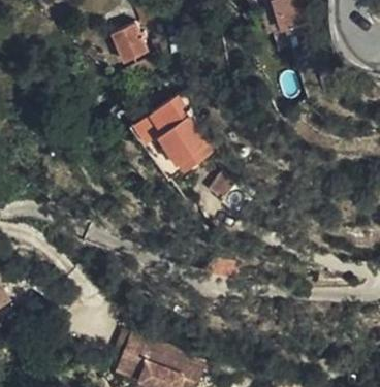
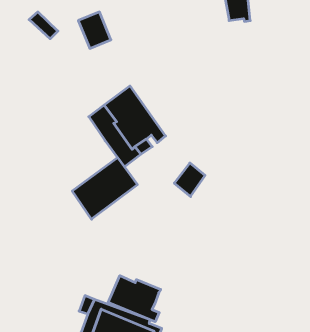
building: none -> [72,158,137,219]
building: none -> [108,276,161,322]

